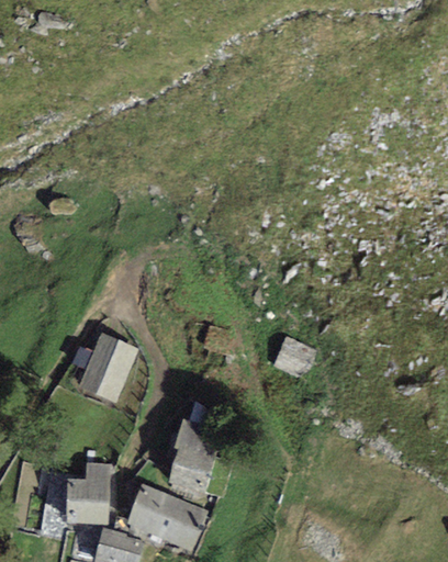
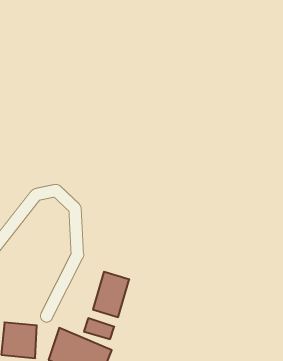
building: [78,335,136,402] -> none
building: [273,336,315,378] -> none

